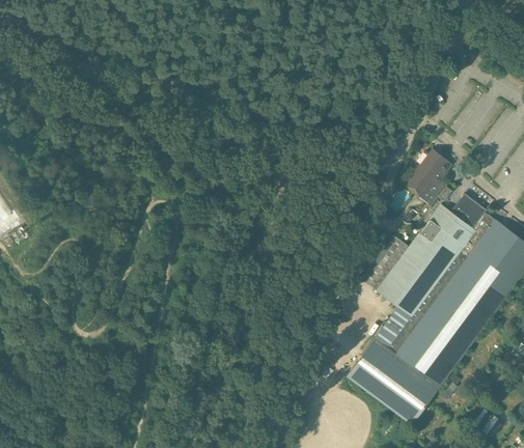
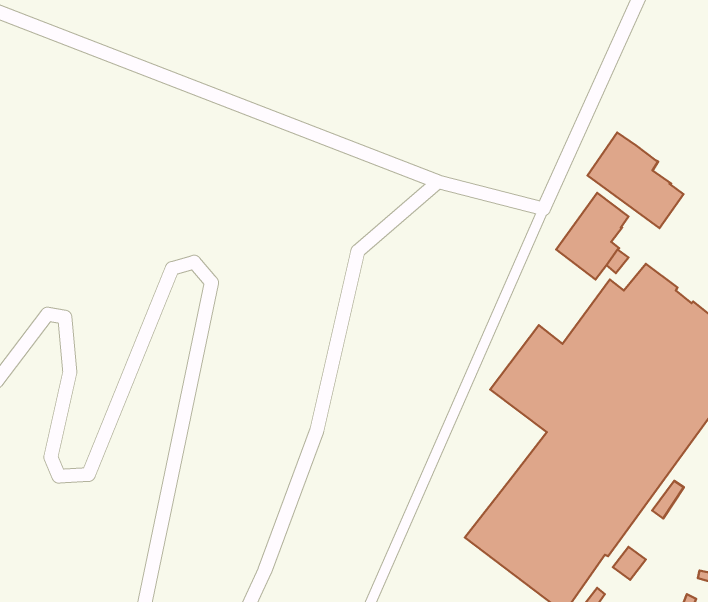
building: none -> [587,133,683,228]

